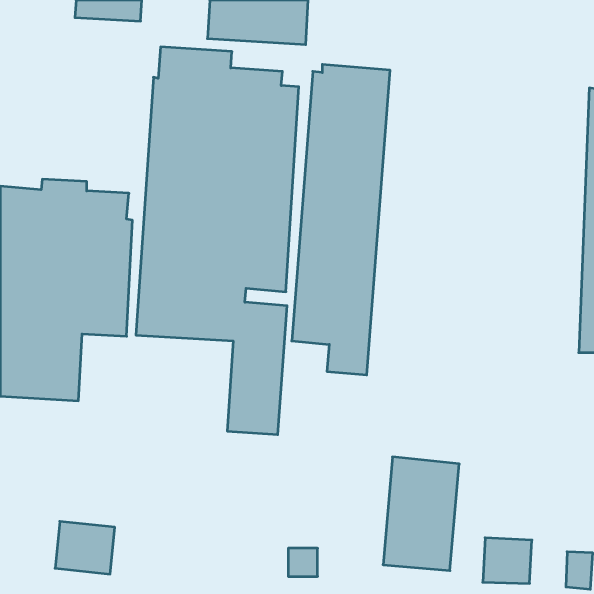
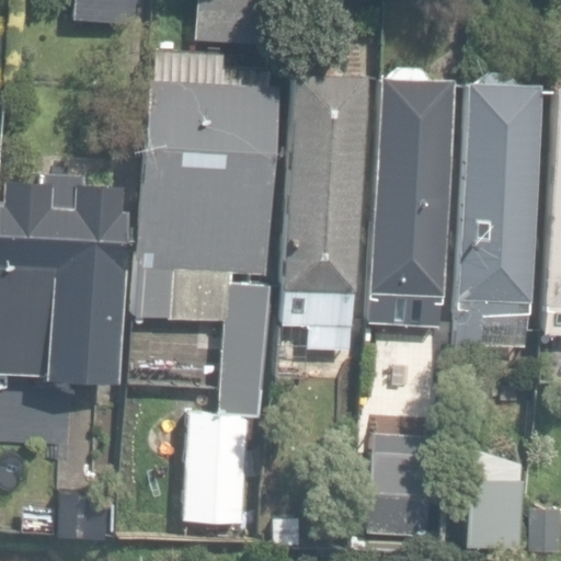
building: none -> [367,66,454,327]
building: none -> [453,77,543,358]
building: none -> [184,412,251,524]

